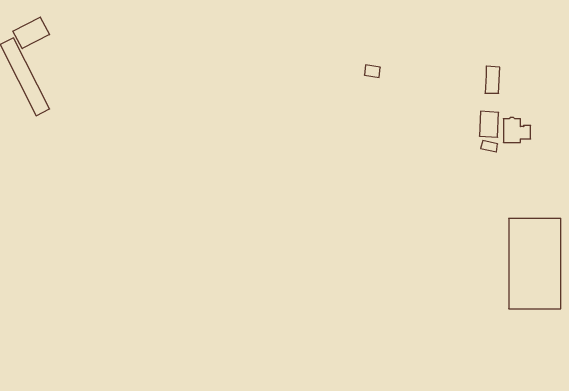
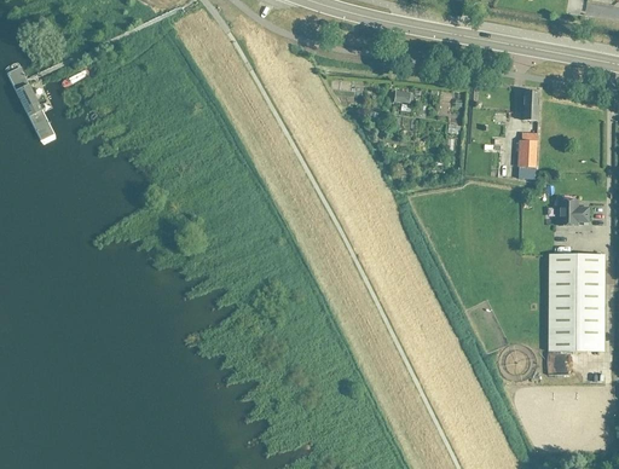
building: [13,17,50,49] -> none
building: [503,118,531,142] -> [559,197,588,224]

